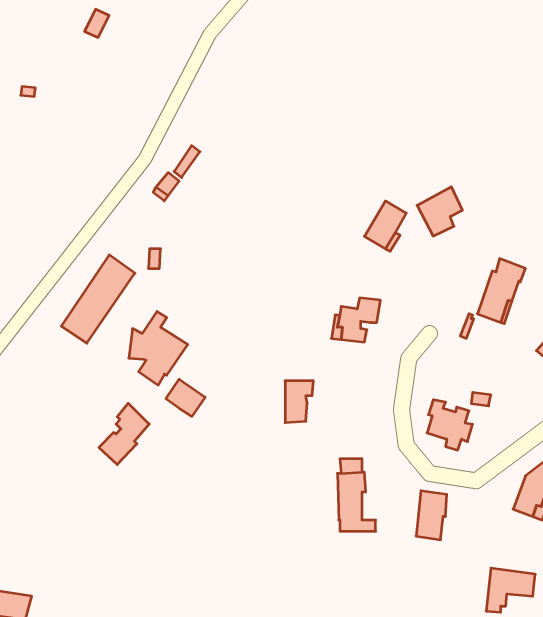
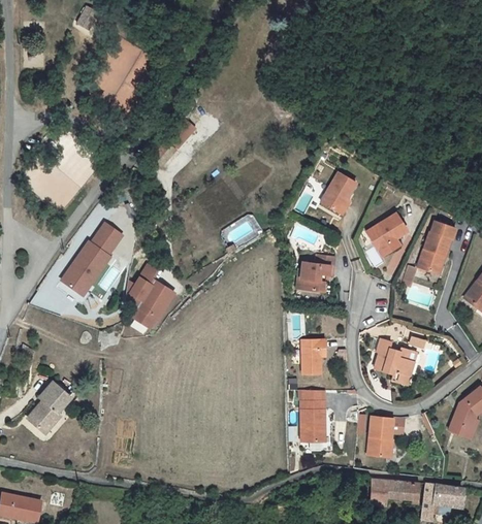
building: [417,187,462,236] -> [367,215,406,256]
building: [166,379,205,416] -> none
building: [285,381,313,423] -> [300,337,324,372]
building: [99,403,149,465] -> [29,385,71,436]
building: none -> [373,478,422,504]

